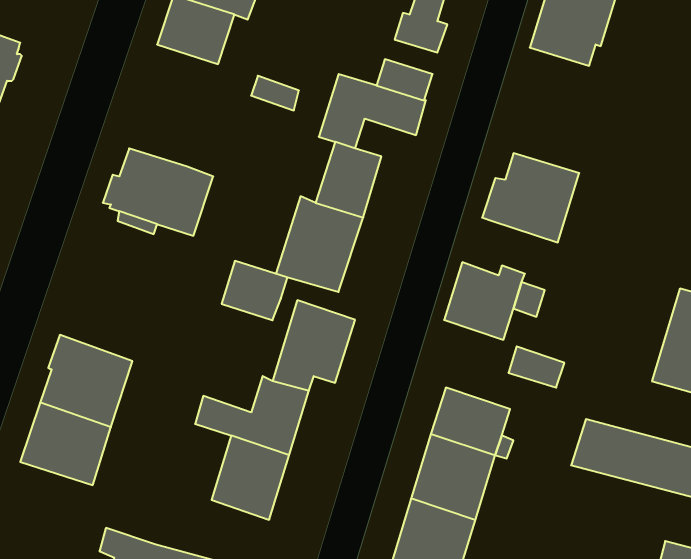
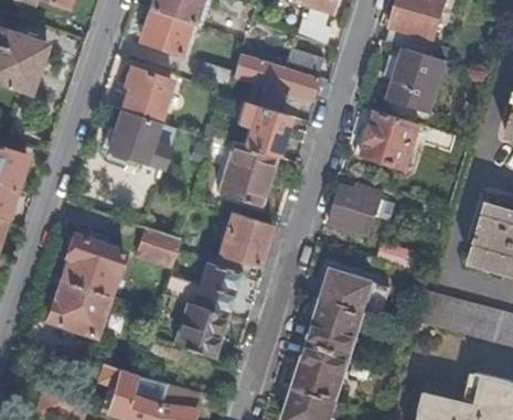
building: none -> [391,51,447,116]
building: none -> [119,67,171,122]
building: [222,261,287,320] -> [137,228,181,268]

